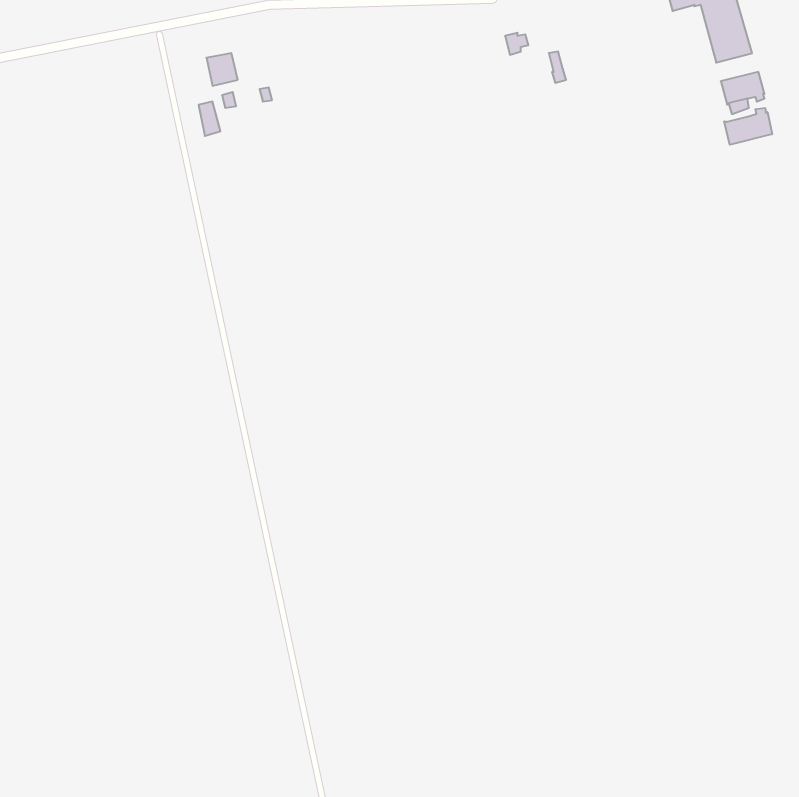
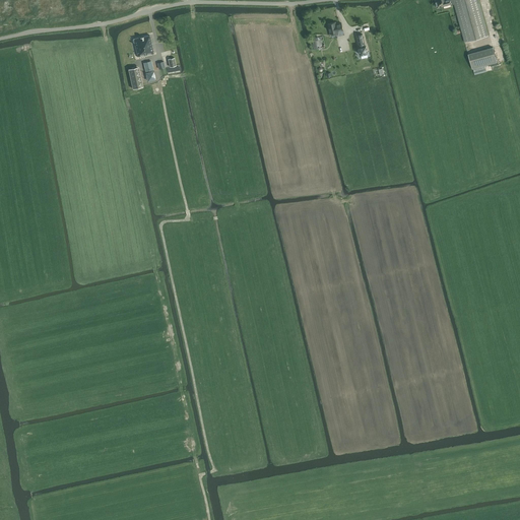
building: [724,108,772,145] -> none

